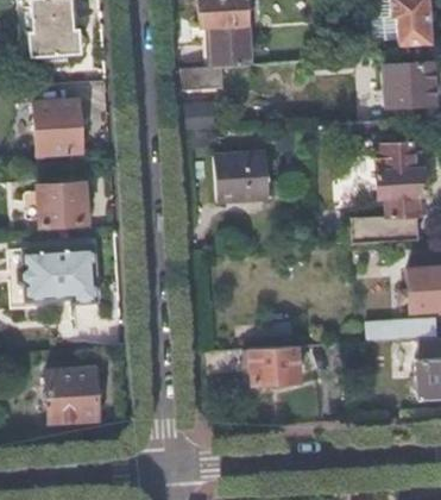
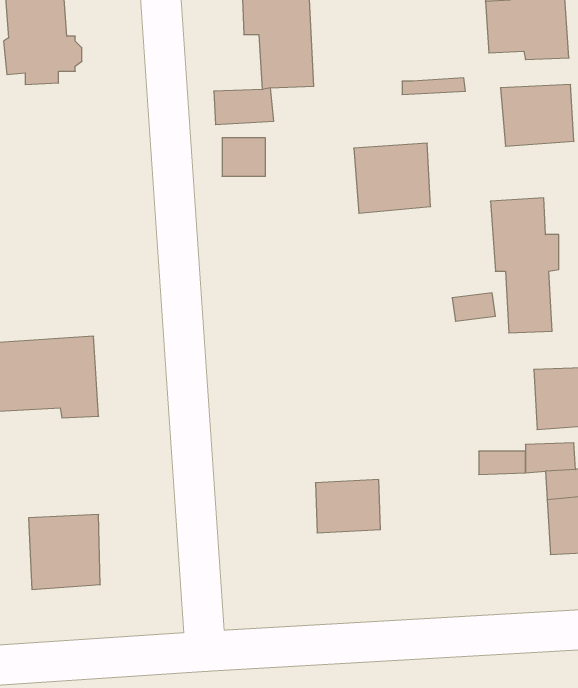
building: [34,101,83,156] -> none
building: [214,154,269,204] -> [354,143,431,213]
building: [37,183,86,227] -> none

